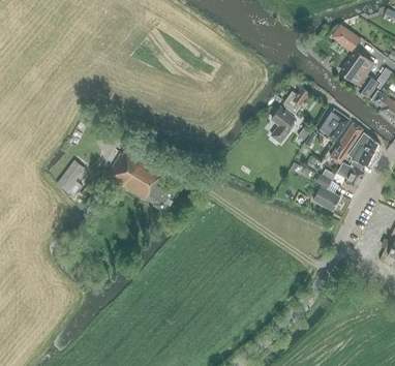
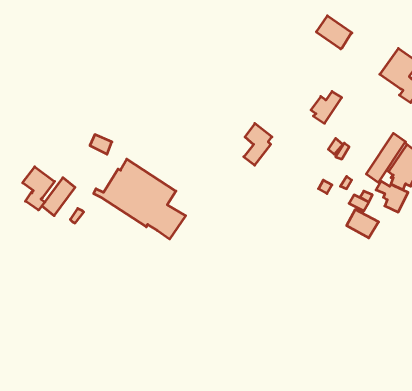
building: [330,24,360,52] -> [316,16,352,49]
building: [271,108,295,143] -> [244,123,272,165]
building: [316,110,350,143] -> none
building: none -> [23,167,55,210]

